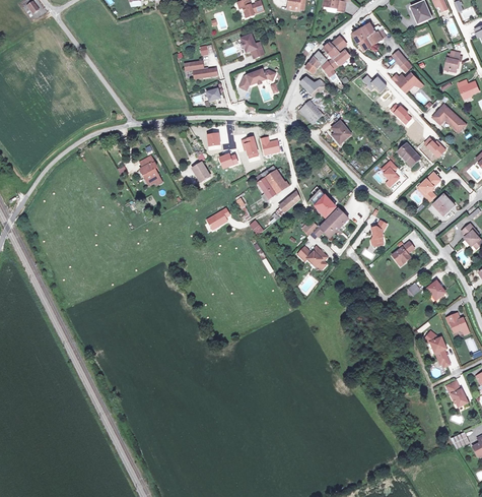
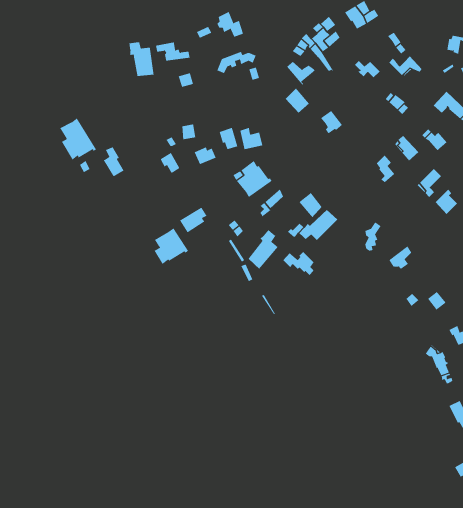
building: none -> [129,41,154,77]
building: none -> [59,117,97,160]
building: none -> [154,227,189,265]
building: none -> [248,229,278,269]

